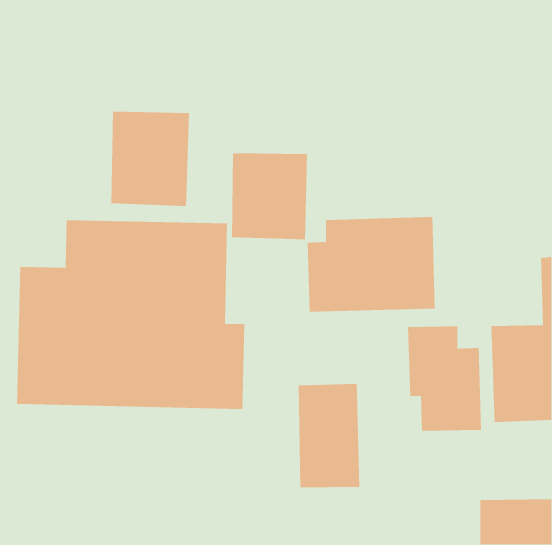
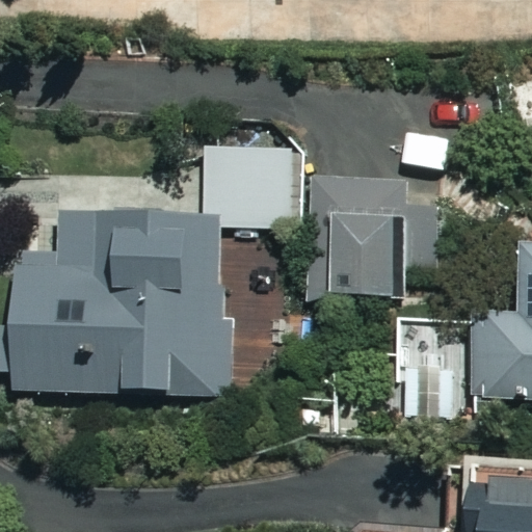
building: [110,111,190,207] -> none
building: [298,383,360,488] -> none

